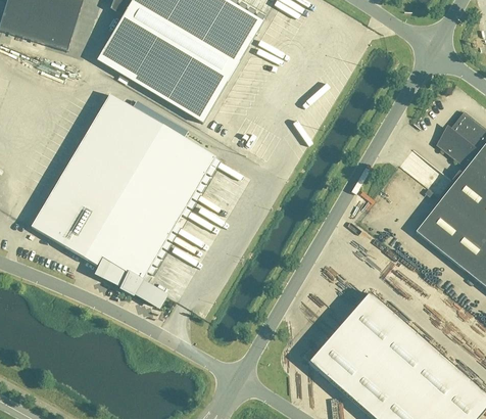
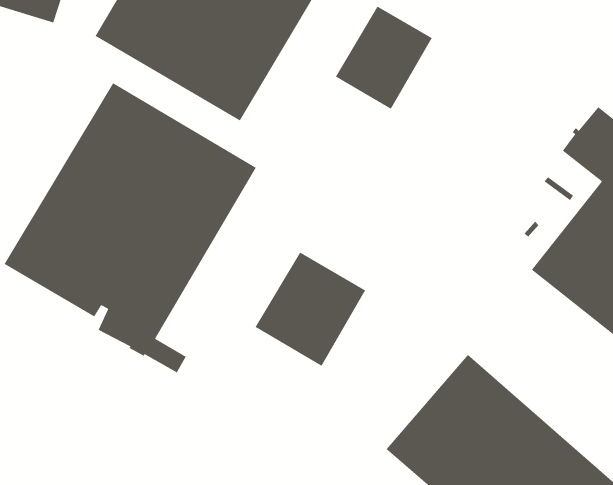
building: none -> [335,6,433,110]
building: none -> [254,251,366,367]

